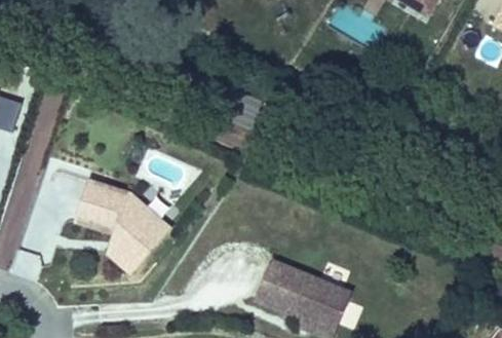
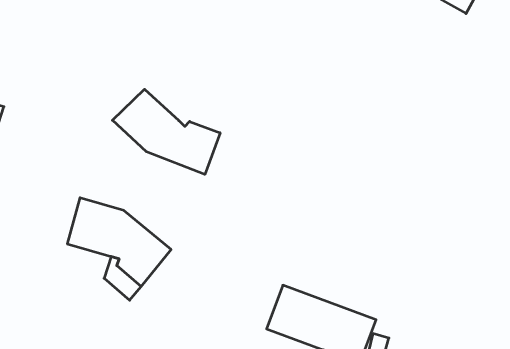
building: none -> [112,89,220,174]

